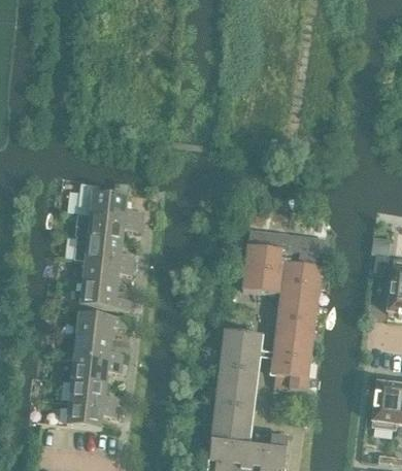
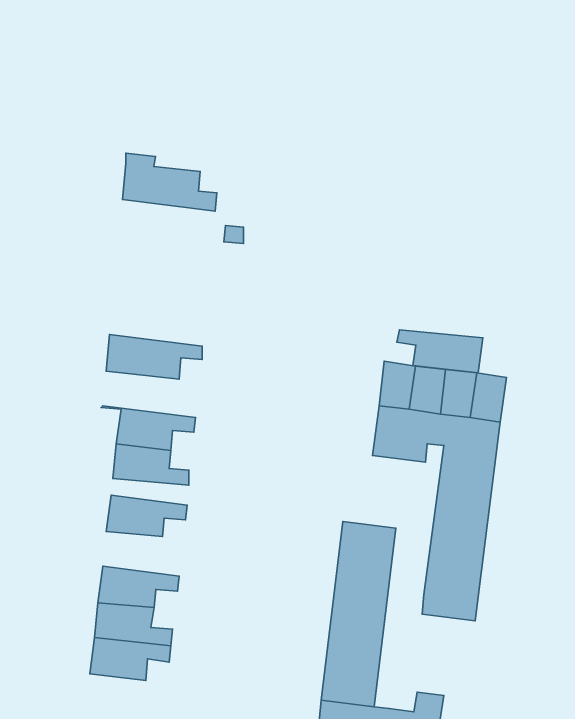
building: [78,183,137,220] -> [122,153,217,211]
building: none -> [397,330,483,373]
building: [74,235,133,264] -> none
building: [74,335,123,363] -> none

